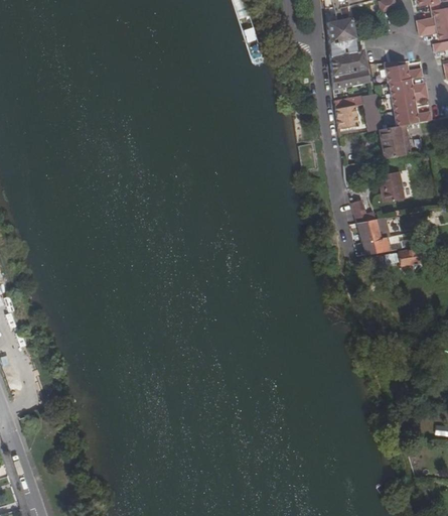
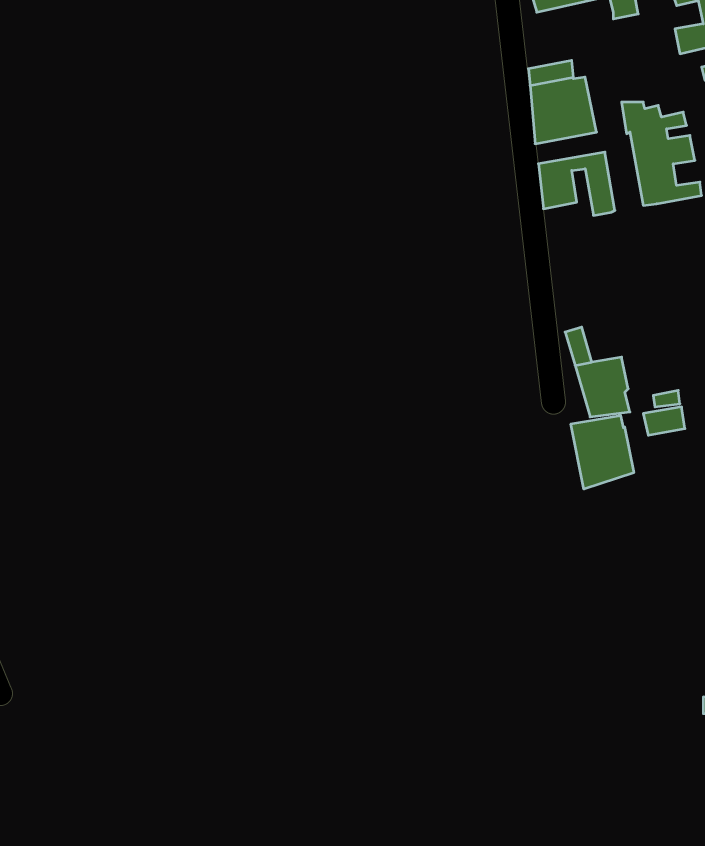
building: [327,17,355,43] -> none
building: [380,125,412,158] -> none
building: [380,171,405,203] -> none
building: none -> [571,415,634,489]

